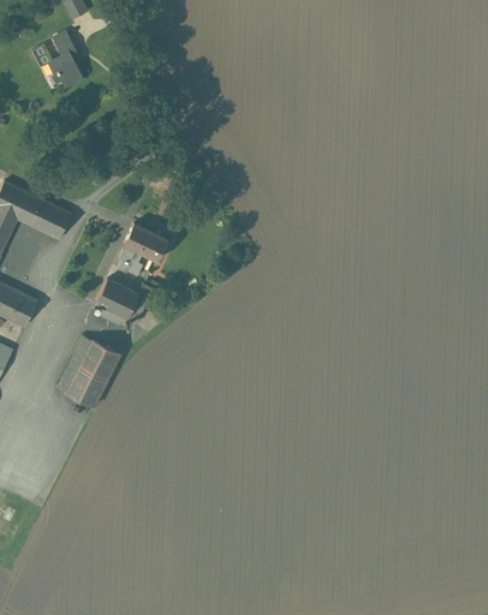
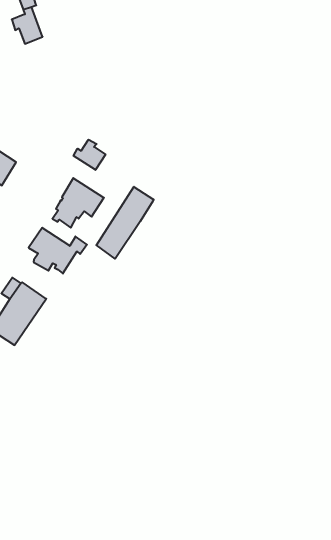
building: none -> [74,140,105,170]
building: none -> [96,187,154,259]

